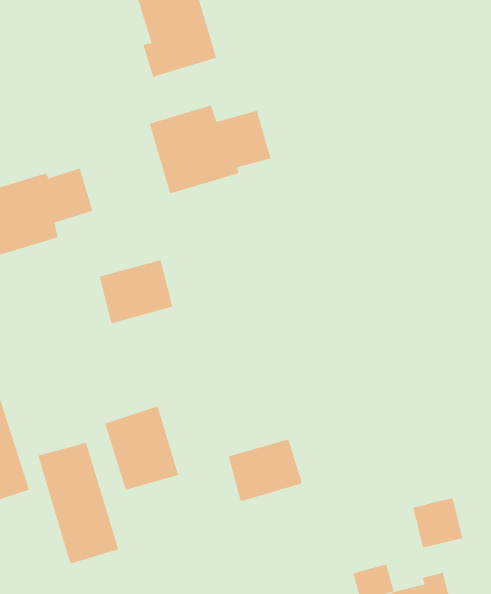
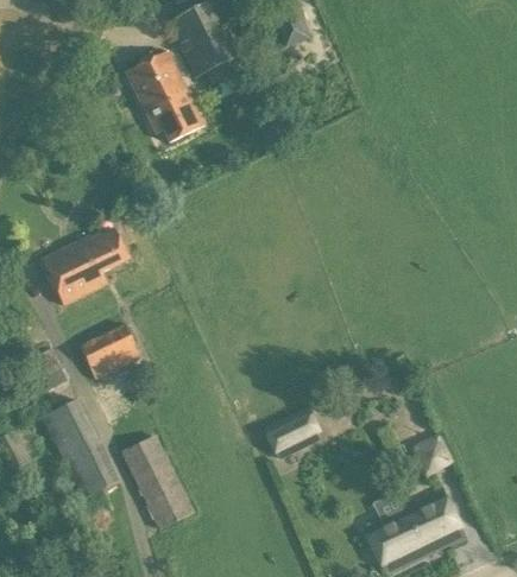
building: [149,105,271,194] -> none
building: [99,259,173,324] -> [80,324,140,380]
building: [104,406,179,491] -> none

